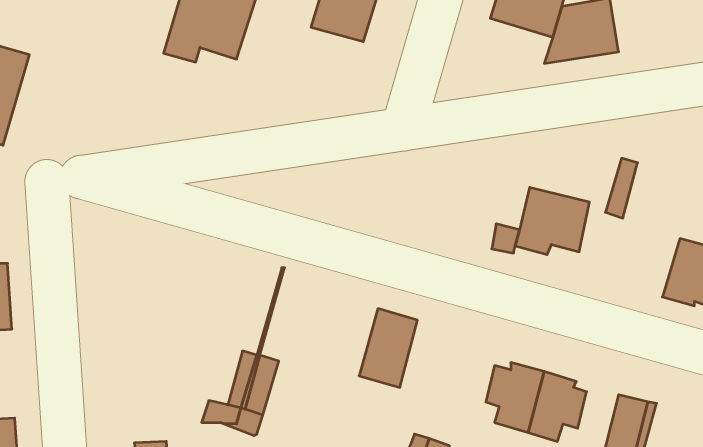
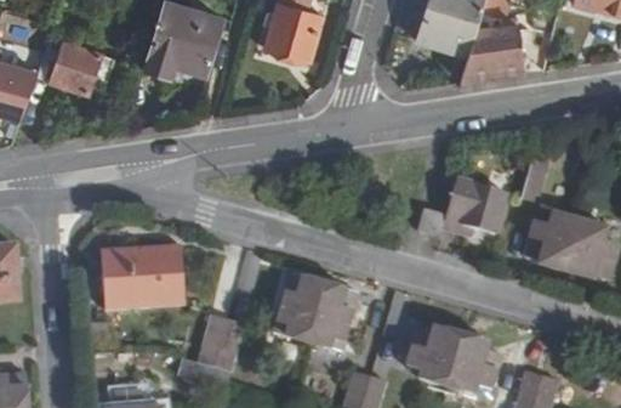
building: none -> [35,38,115,93]
building: none -> [520,215,574,272]
building: none -> [101,245,181,308]
building: none -> [274,272,323,338]

